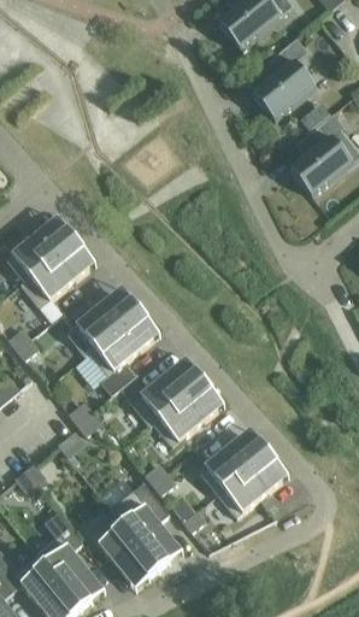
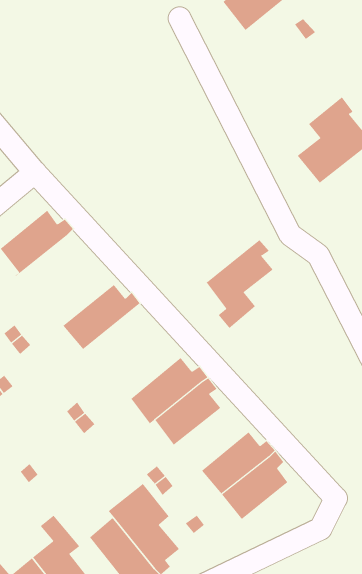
building: [252,60,316,119] -> none
building: [20,239,88,307] -> none
building: [84,310,153,395] -> [202,239,273,329]

